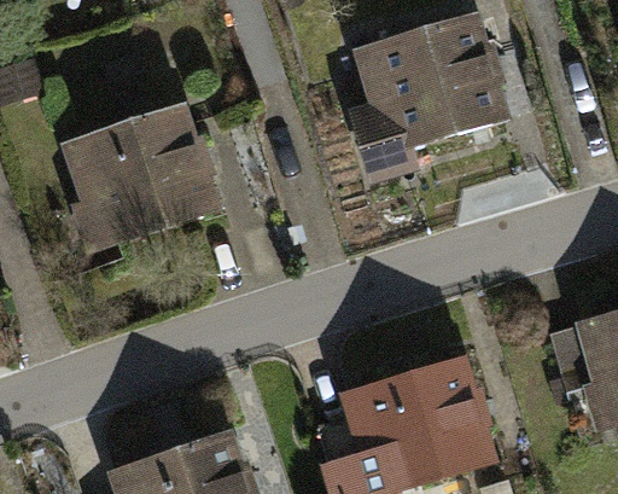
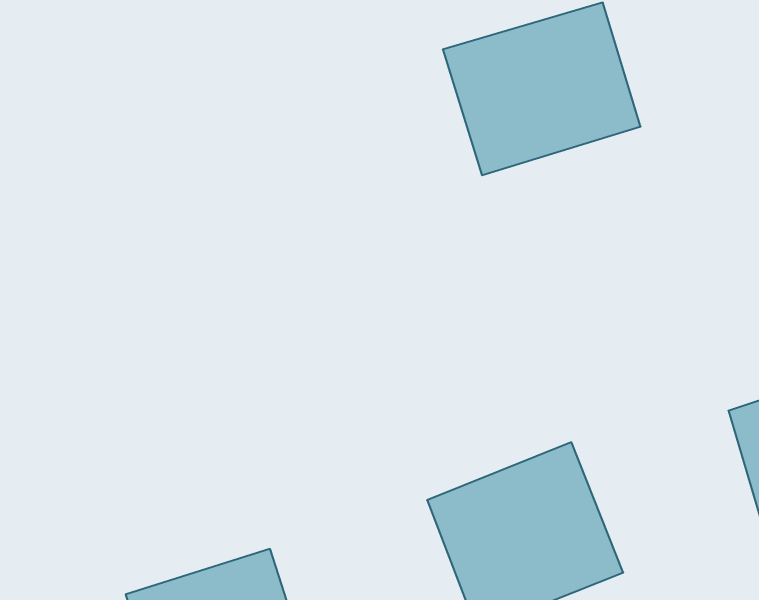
building: [60,101,203,237] -> none

